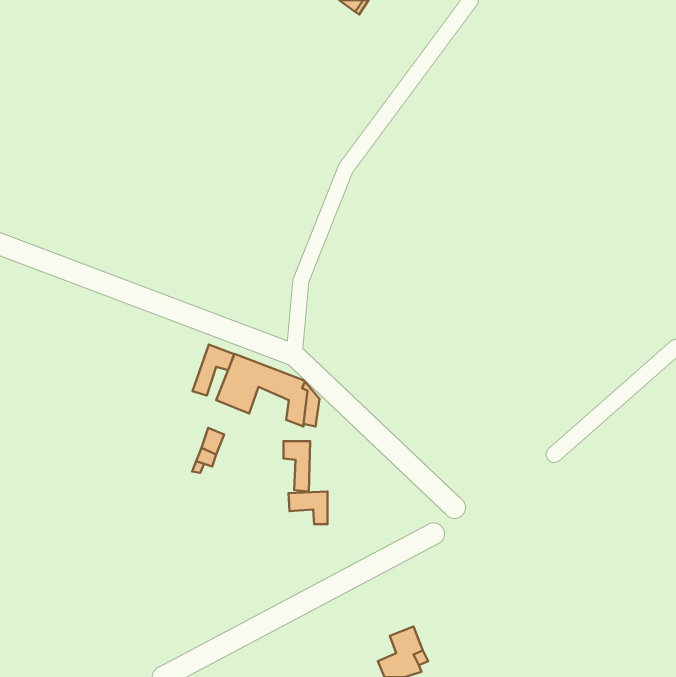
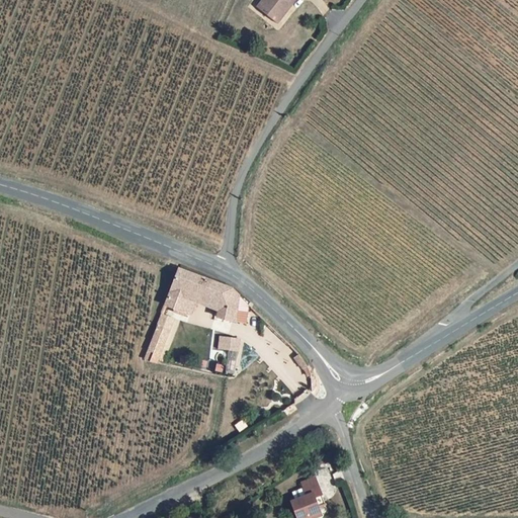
building: [192,345,234,395] -> none
building: [288,492,328,524] -> none

